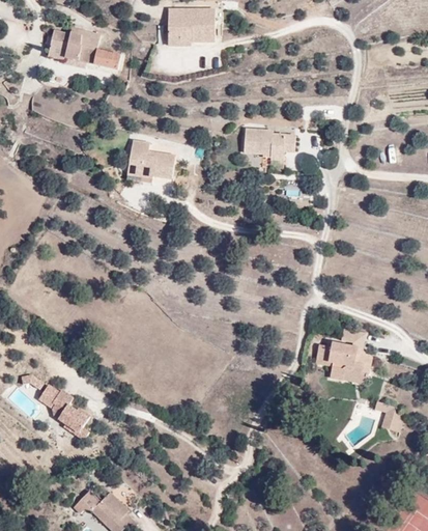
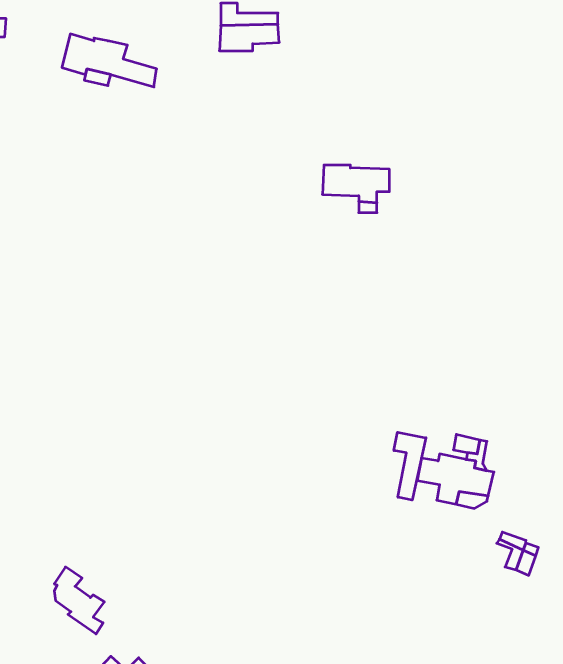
building: [126,139,175,181] -> none
building: none -> [394,432,426,500]
building: [52,387,89,437] -> [54,567,104,634]

